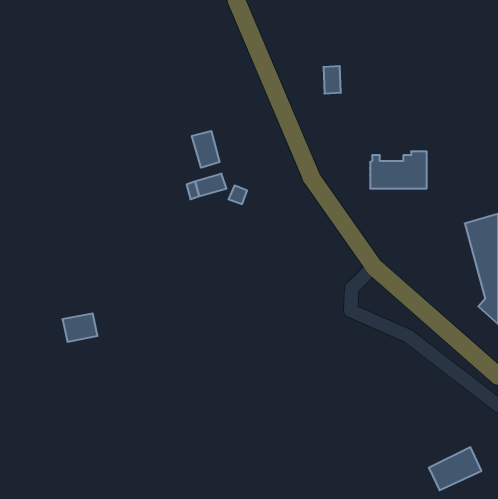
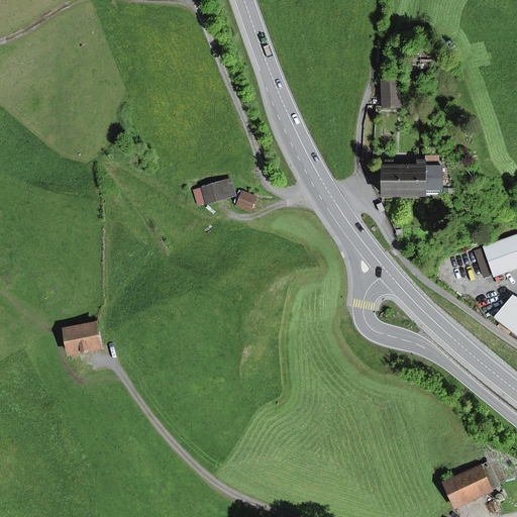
building: [323,66,341,94] -> [381,79,399,107]
building: [192,131,220,168] -> none

